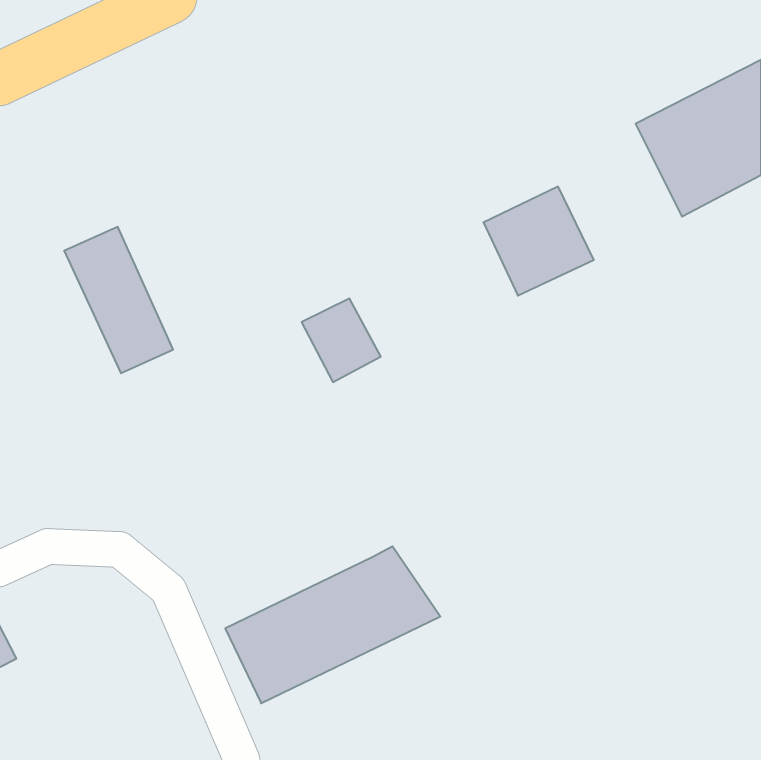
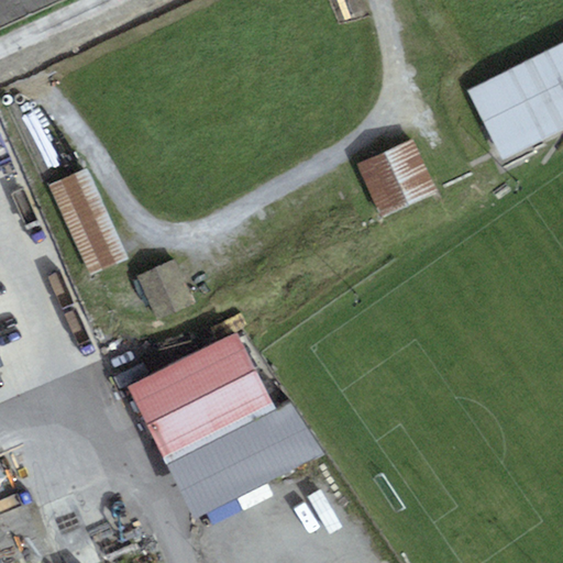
building: [302,298,381,382] -> [136,257,195,319]
building: none -> [128,332,275,463]

